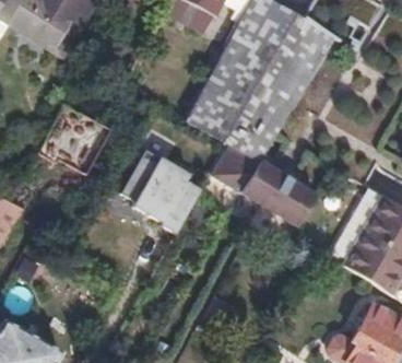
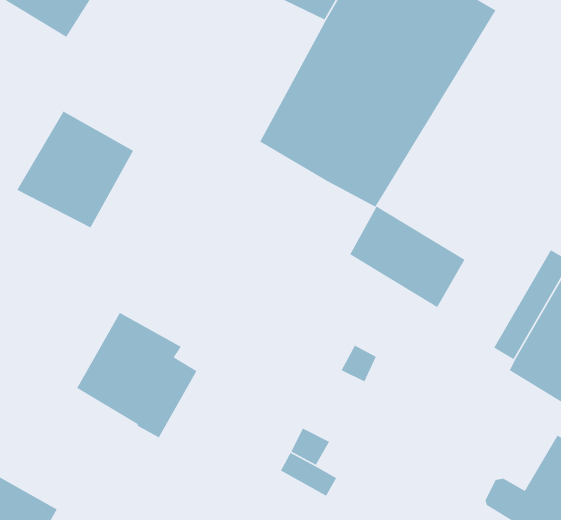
building: [213,144,259,190] -> none
building: [128,150,204,230] -> [76,312,197,438]

